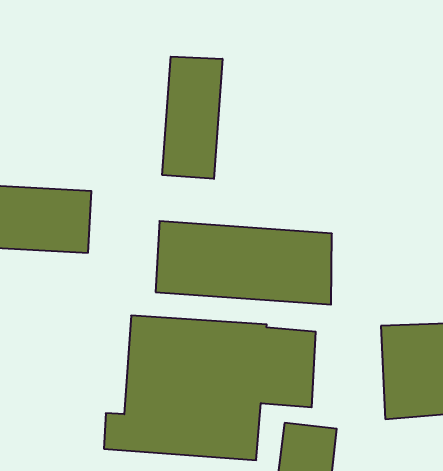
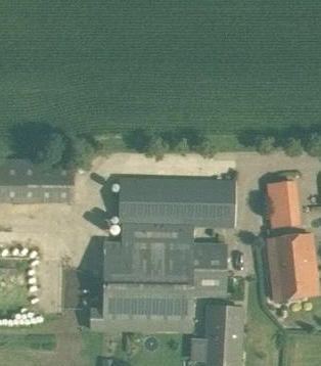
building: [162,57,222,179] -> none
building: none -> [268,180,300,228]

